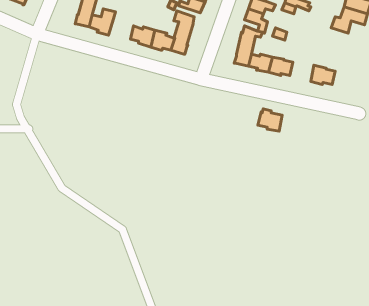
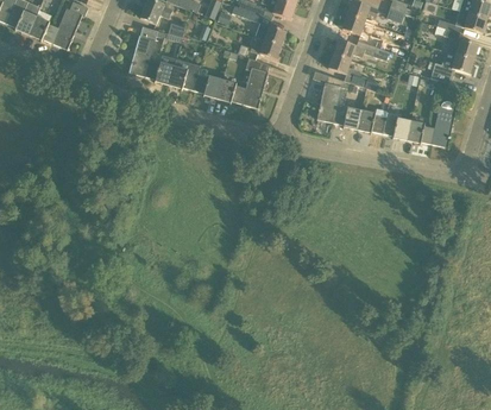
building: none -> [168,57,197,89]
building: none -> [432,97,457,146]
building: [258,109,282,131] -> [382,113,410,139]

